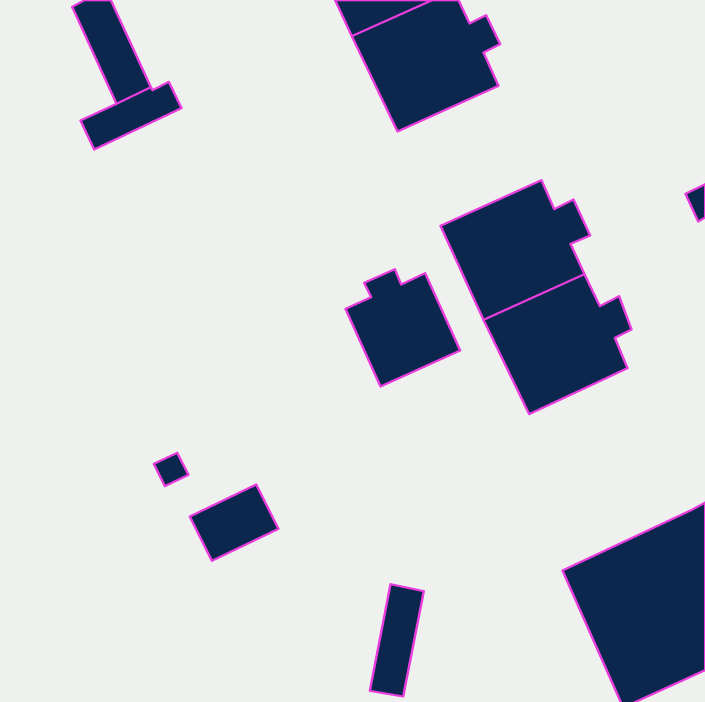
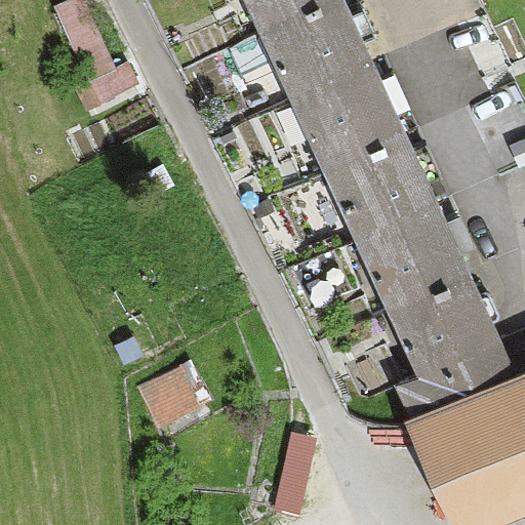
building: none -> [294,68,404,171]
building: [346,269,460,386] -> none
building: none -> [392,277,513,427]

